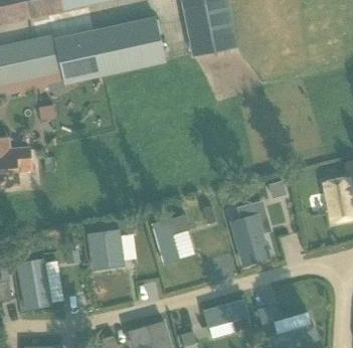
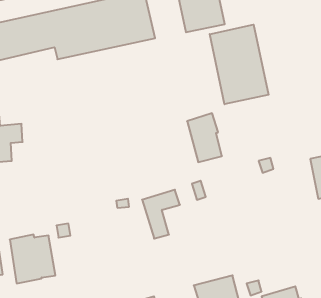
building: none -> [210,25,269,104]
building: [231,214,267,264] -> [187,113,222,162]
building: [90,230,122,269] -> none

